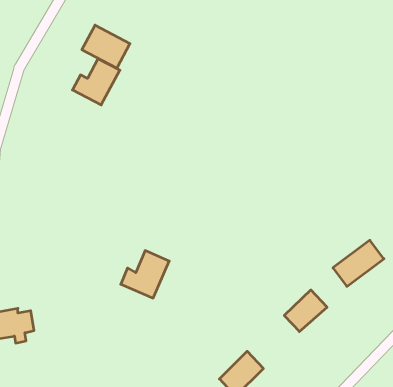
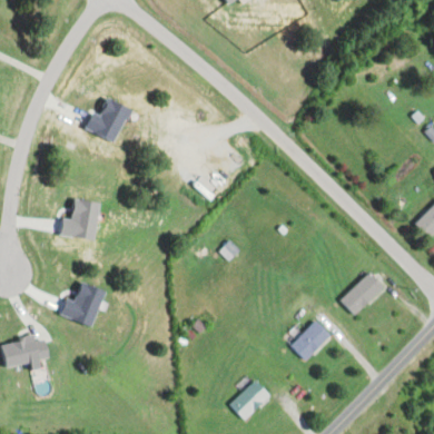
building: [82,25,130,68] -> none
building: none -> [61,198,102,240]
building: [121,251,169,298] -> [60,280,107,326]

